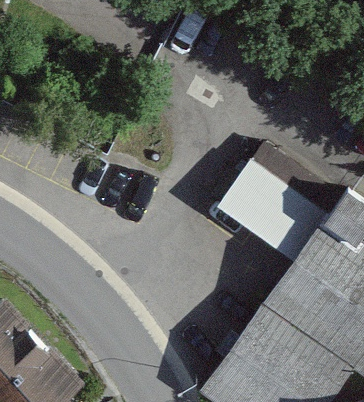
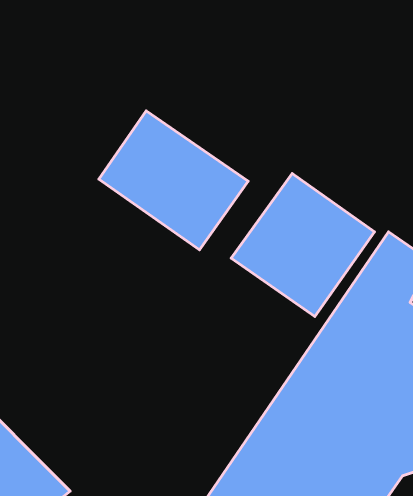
building: none -> [99,111,248,250]

